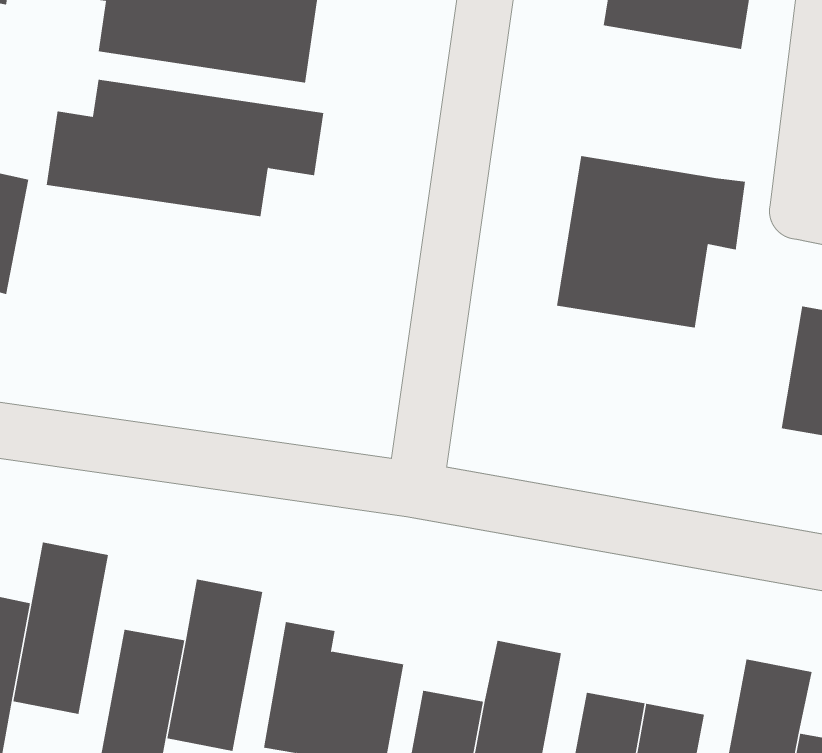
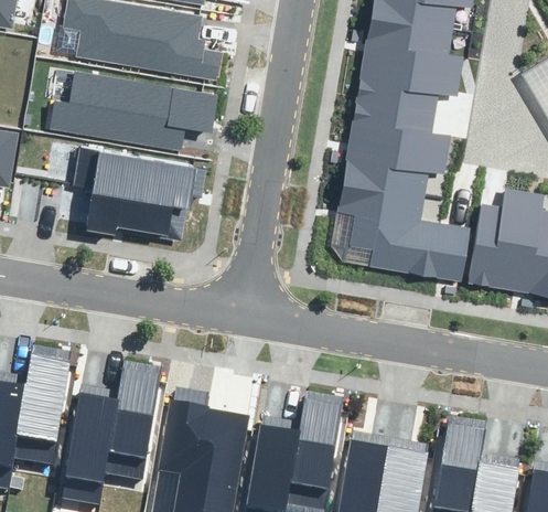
building: none -> [353,40,465,130]
building: none -> [87,150,198,234]
building: none -> [332,206,472,281]

